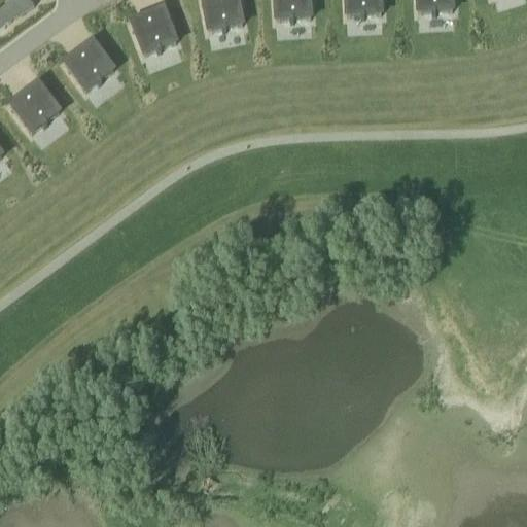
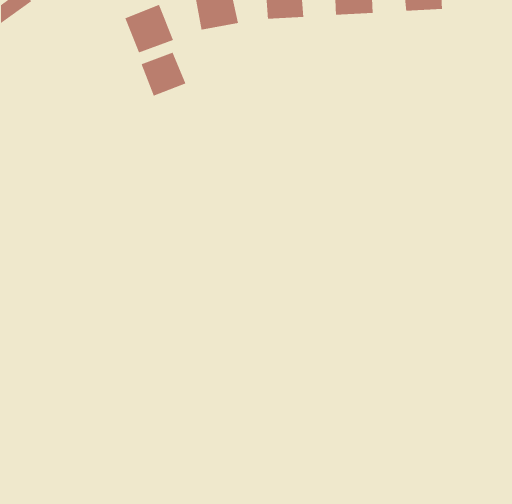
building: [62,36,117,92] -> none
building: none -> [141,52,186,97]
building: [8,78,63,133] -> none

